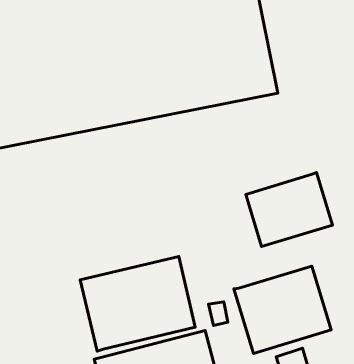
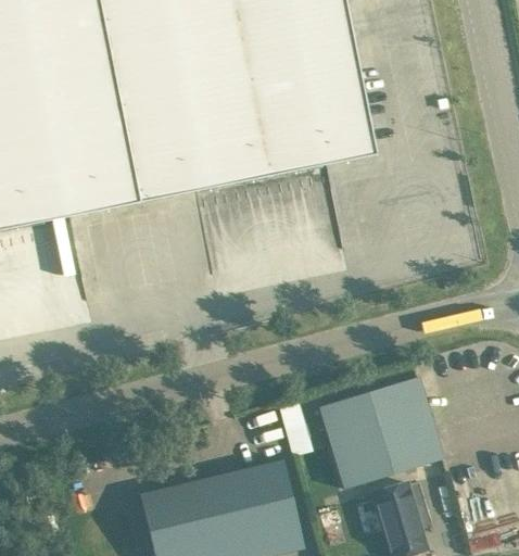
building: [246,172,333,247] -> none
building: [80,257,195,351] -> none

